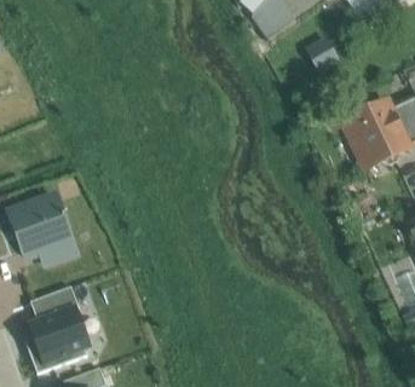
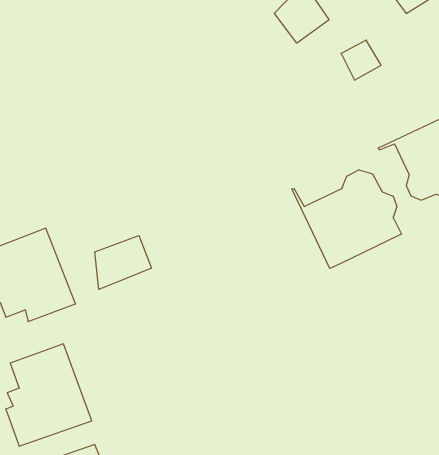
building: none -> [292,170,402,268]
building: none -> [95,236,151,289]

